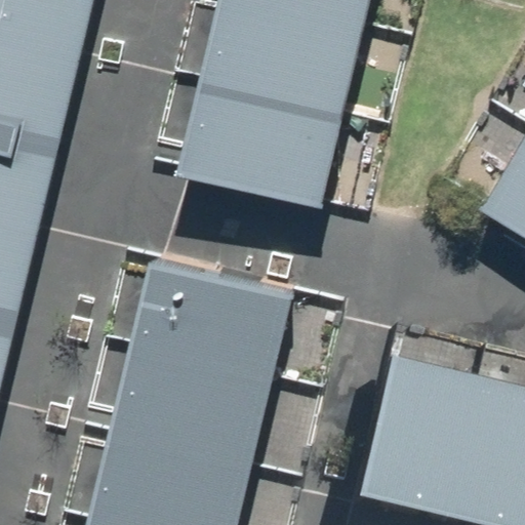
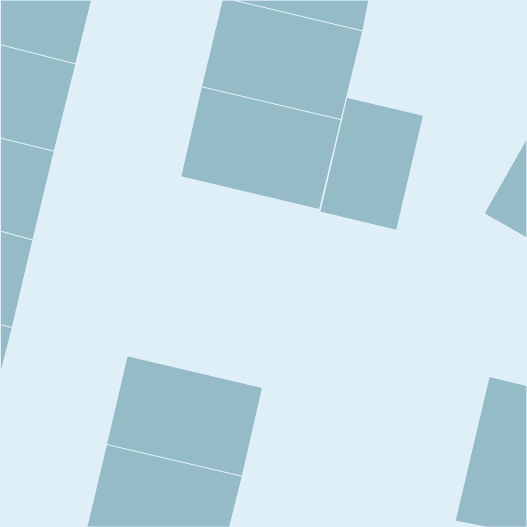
building: none -> [320,97,424,231]
building: [126,266,282,386] -> none
building: [362,354,486,518] -> none

